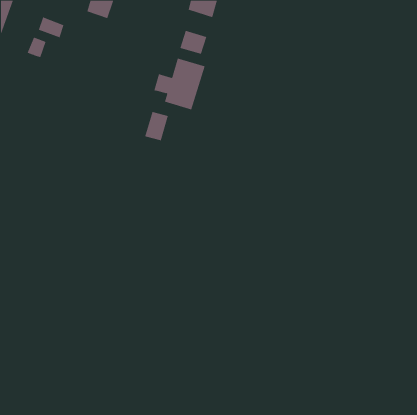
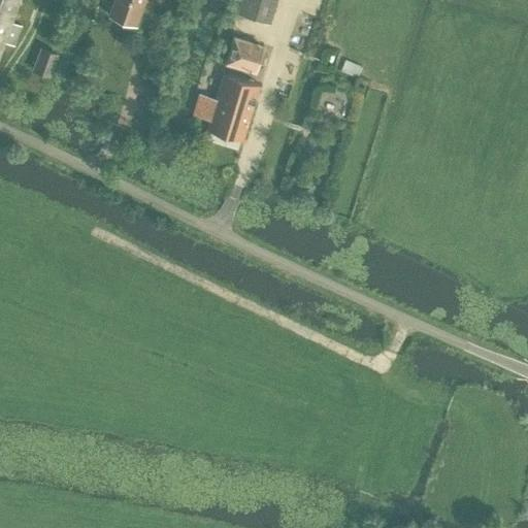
building: [38,17,64,38] -> none
building: [145,111,169,141] -> none

